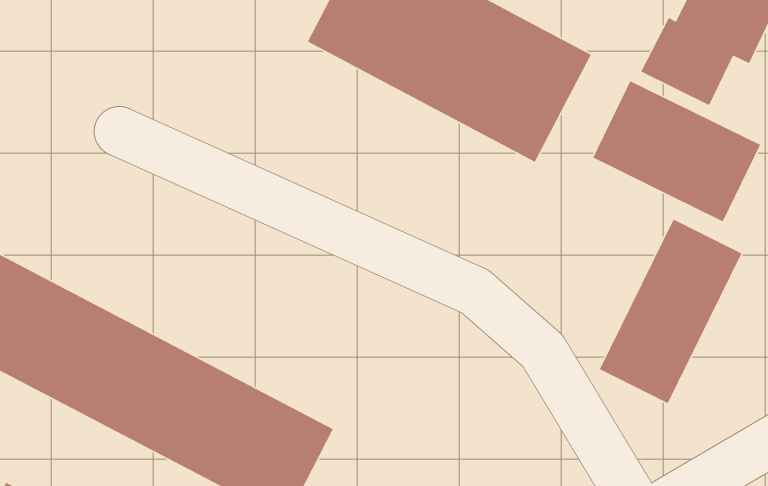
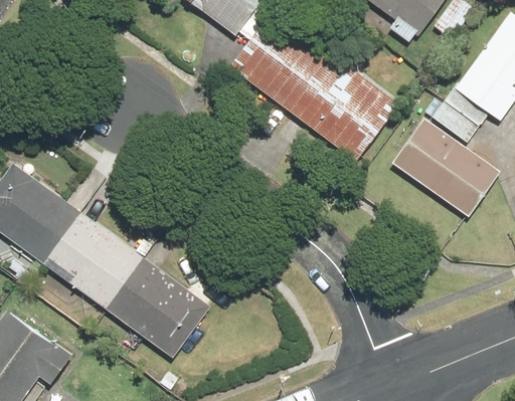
building: [599,219,743,404] -> none

